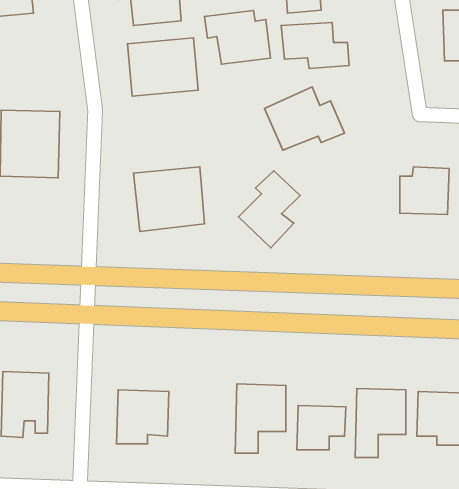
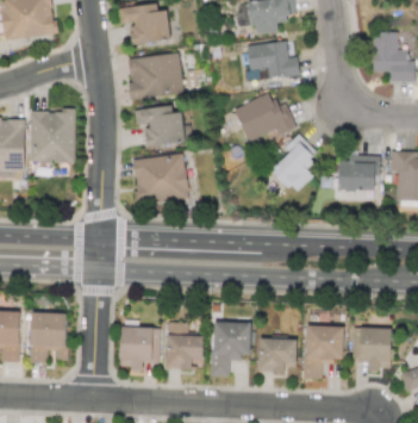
building: [204,10,271,64] -> [133,105,185,147]
building: [238,171,300,248] -> [270,135,318,194]
building: none -> [166,322,204,369]

